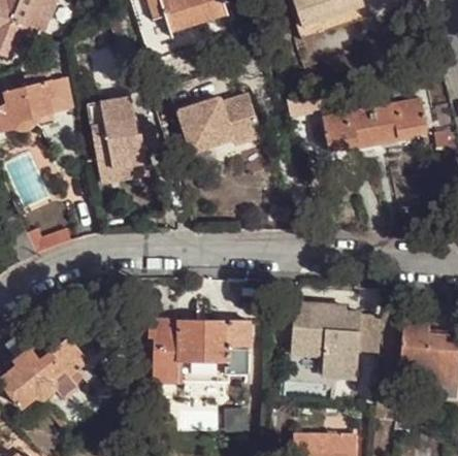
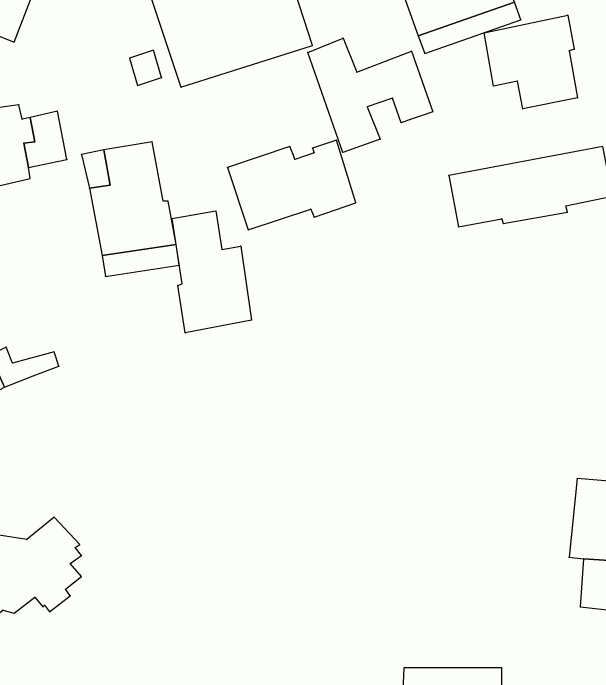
building: none -> [484,15,578,109]
building: none -> [308,38,433,152]
building: none -> [172,211,252,333]
building: [291,301,381,378] -> none
building: [148,318,250,382] -> none

